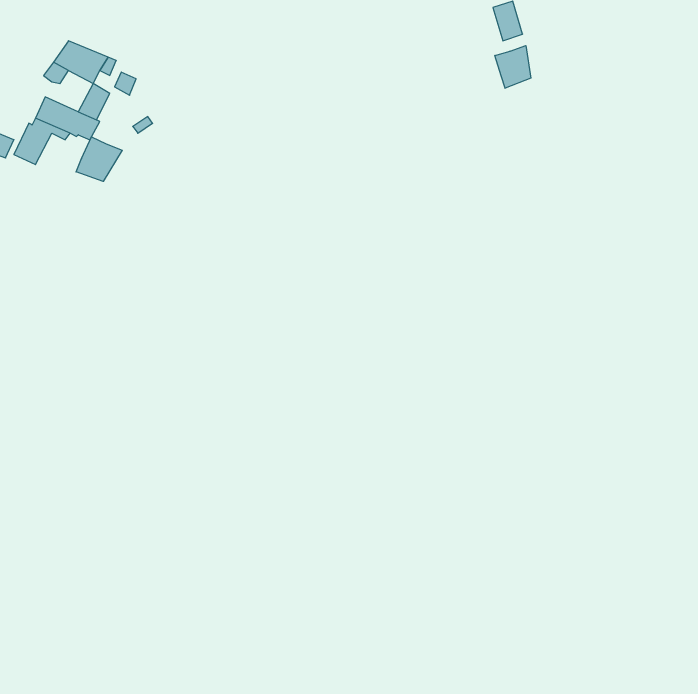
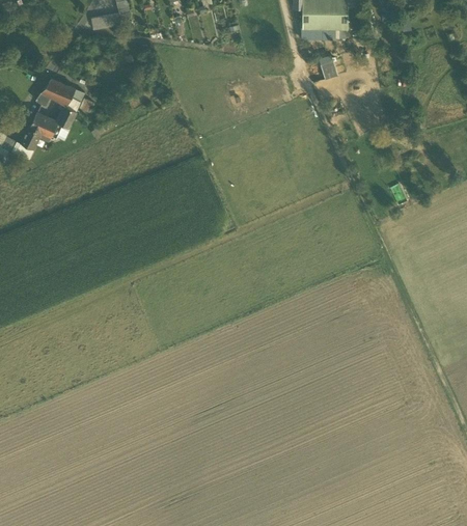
building: [495,46,531,88] -> none
building: [76,137,122,181] -> none

